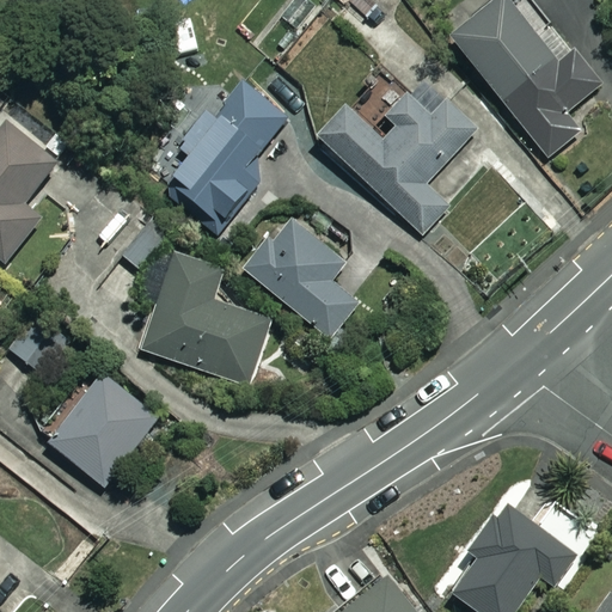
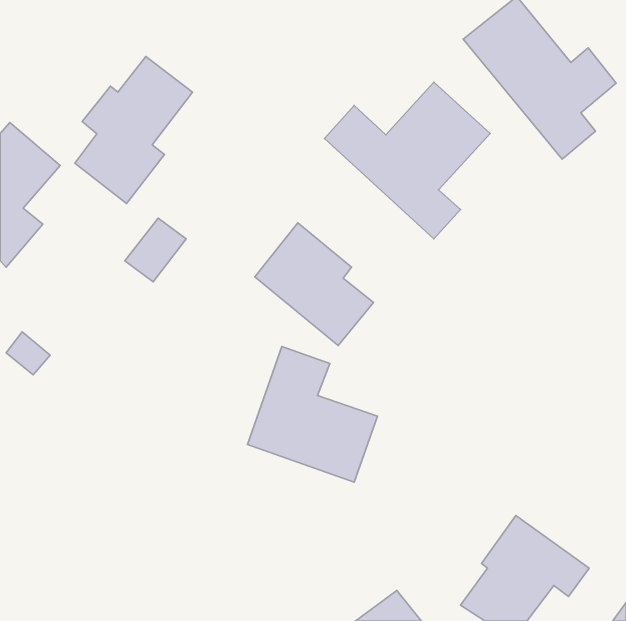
building: [172,81,287,225] -> [75,57,193,204]
building: [142,250,269,382] -> [248,346,377,482]
building: [49,373,158,484] -> none

